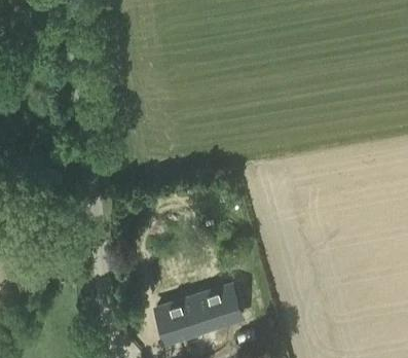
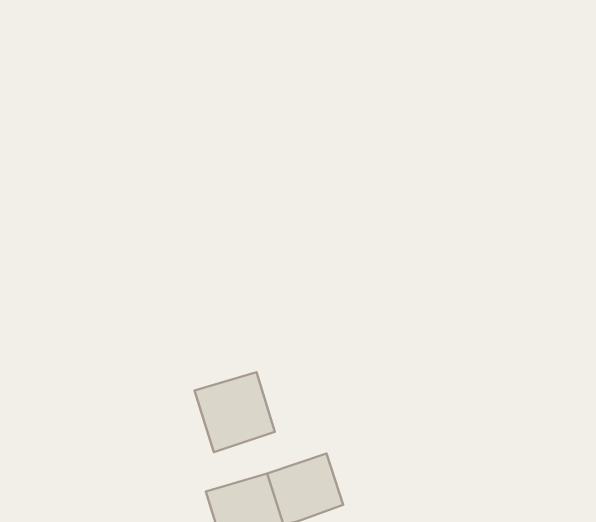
building: none -> [195,372,275,452]

